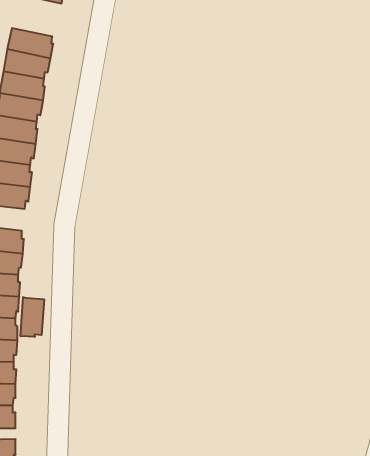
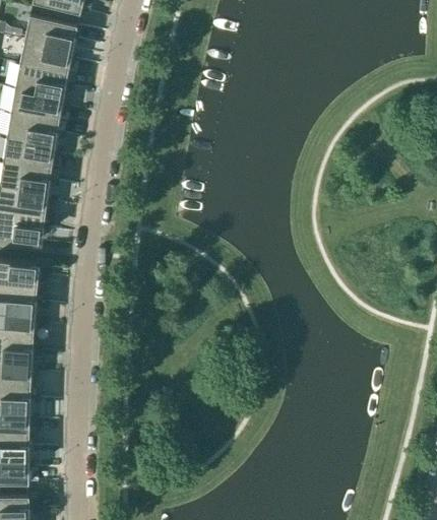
building: none -> [25,16,78,51]
building: [21,297,44,337] -> none

